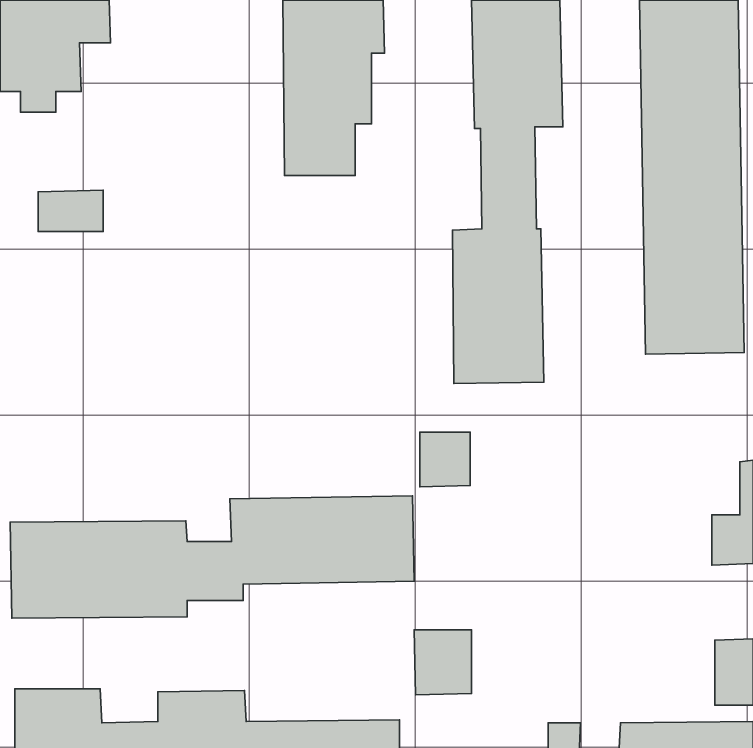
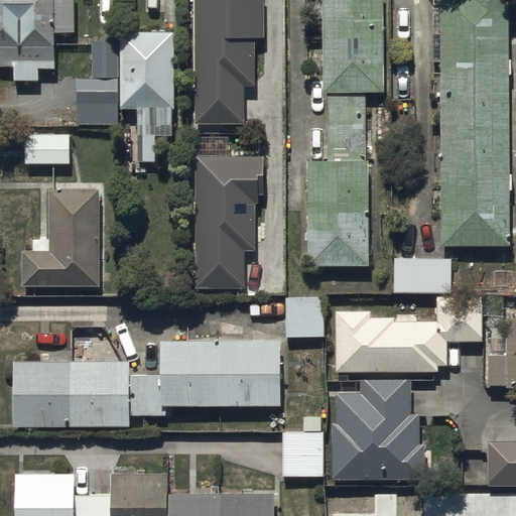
building: none -> [120,29,176,158]
building: none -> [79,42,115,122]
building: none -> [197,161,266,289]
building: none -> [22,189,102,289]
building: none -> [396,258,449,293]
building: none -> [337,297,483,372]
building: none -> [332,379,425,480]

